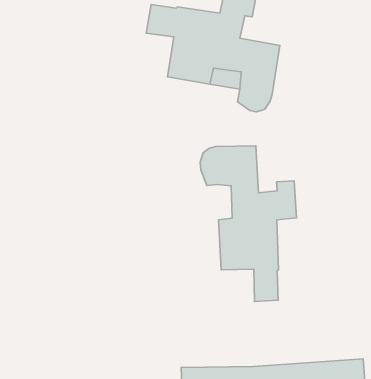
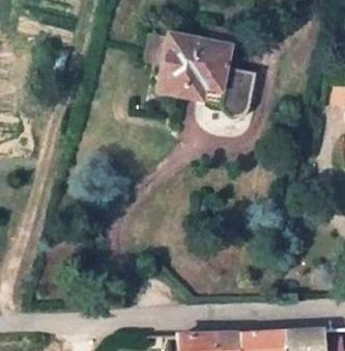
building: [200,146,297,301] -> none

